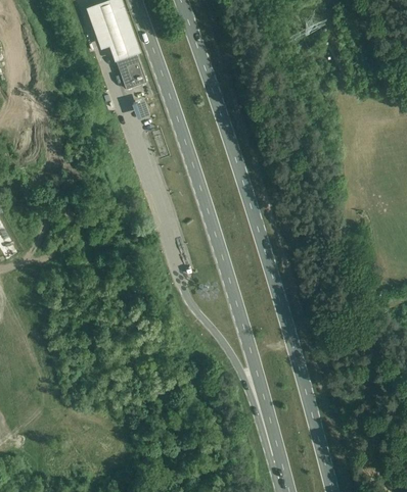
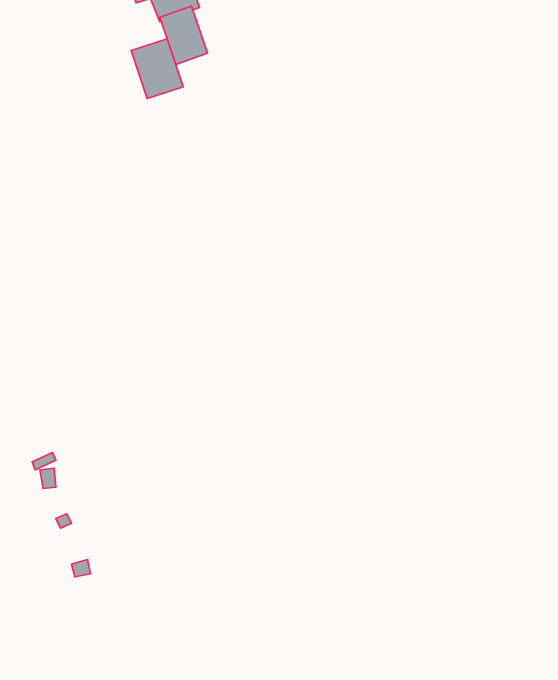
building: none -> [131,39,183,98]

